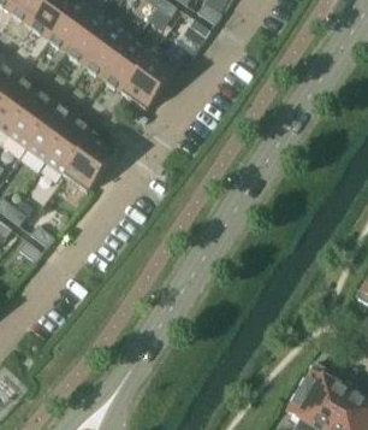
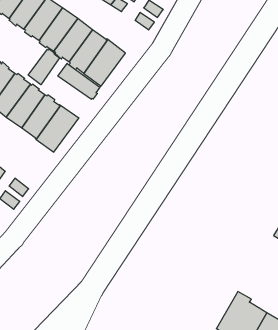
building: none -> [28,49,60,85]
building: none -> [58,63,100,99]

